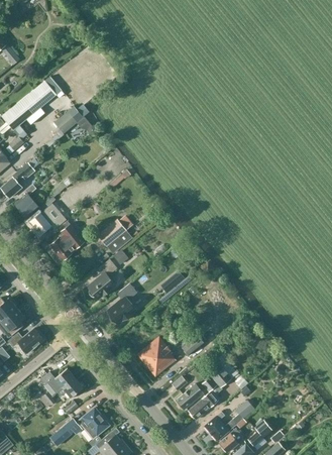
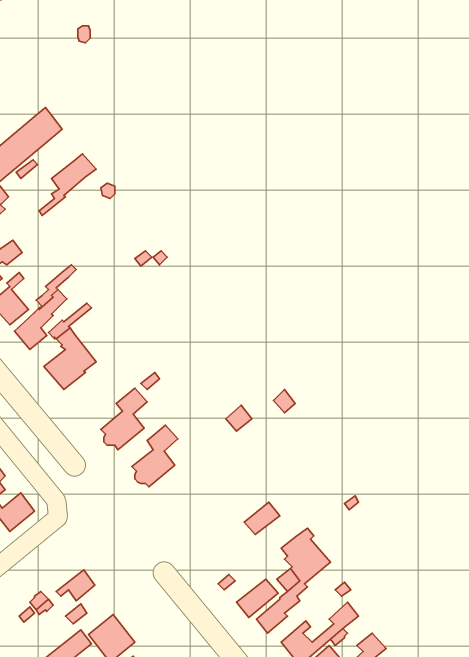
building: [98,219,132,254] -> none
building: [137,337,176,376] -> none
building: [40,368,76,392] -> none

